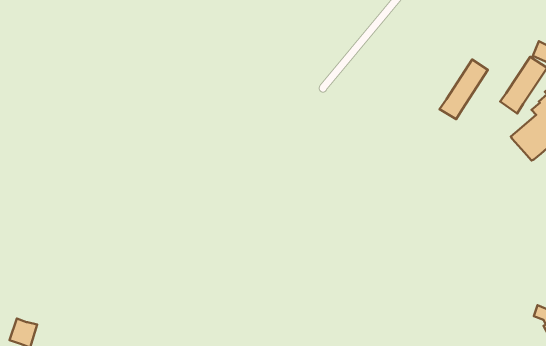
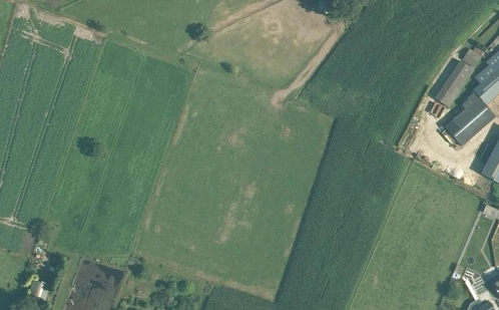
building: [439,59,488,119] -> none

